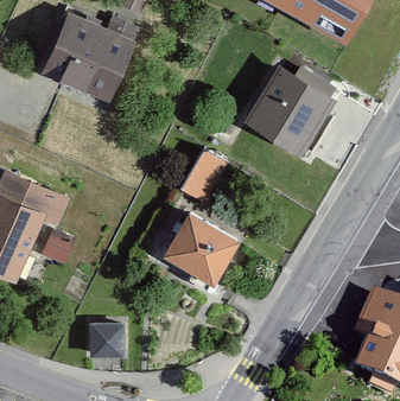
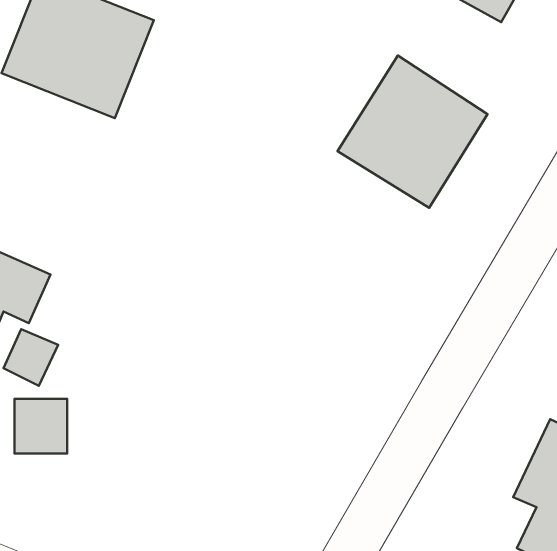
building: [177,144,231,200] -> none
building: [161,215,240,289] -> none
building: [90,324,122,357] -> [15,399,67,453]

